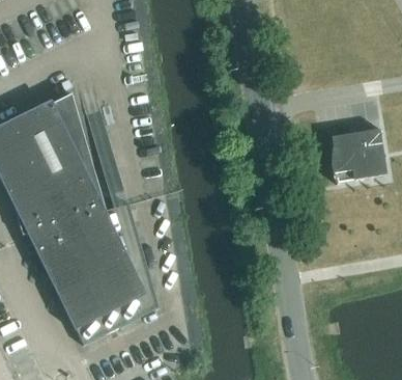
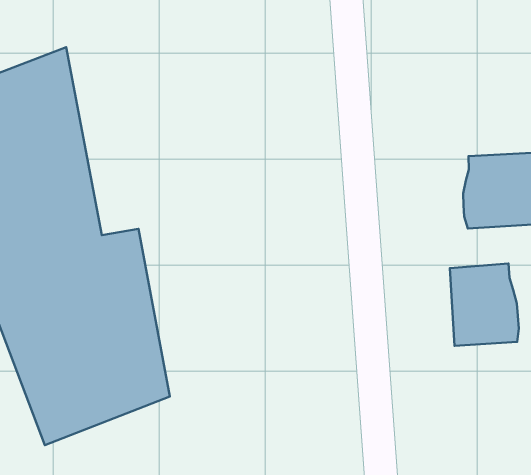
building: none -> [450,264,519,346]

